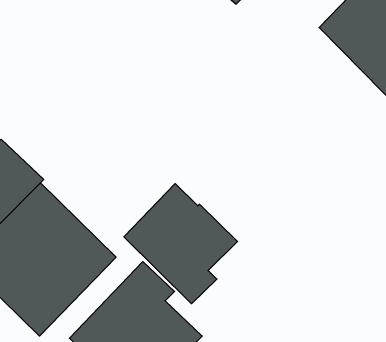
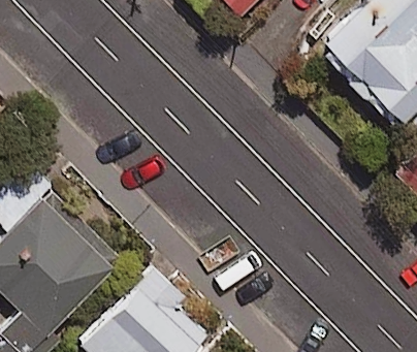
building: [124,184,238,304] -> none

